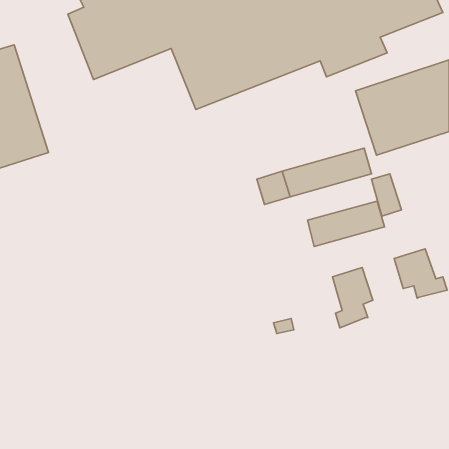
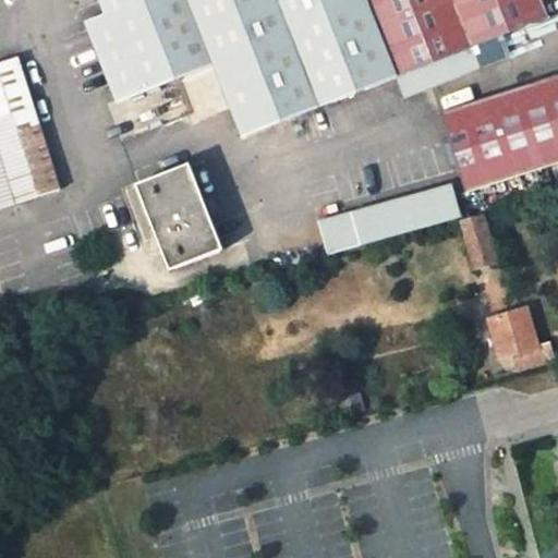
building: none -> [137,163,221,268]
building: [307,201,384,247] -> none
building: [333,268,373,328] -> none

